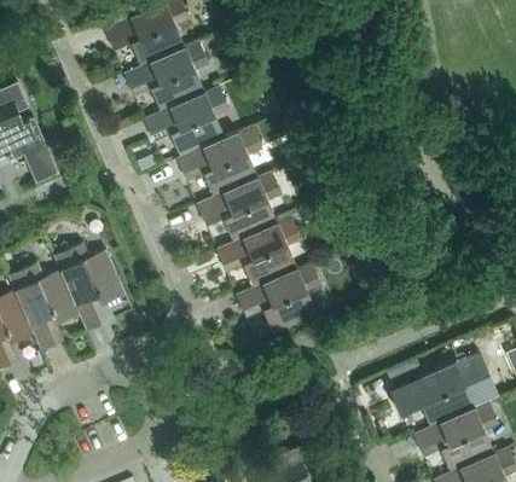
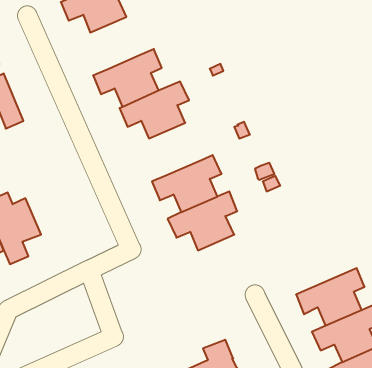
building: [122,40,208,111] -> none
building: [195,170,280,242] -> none
building: [53,243,123,331] -> none

